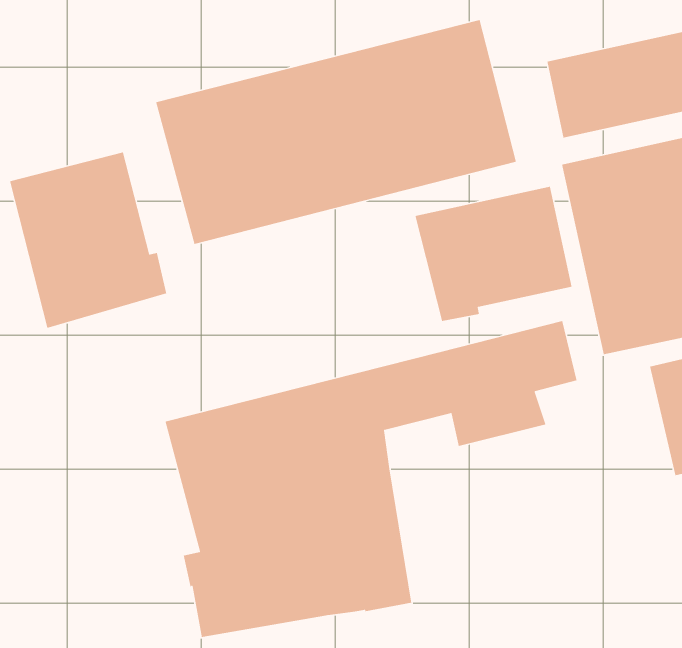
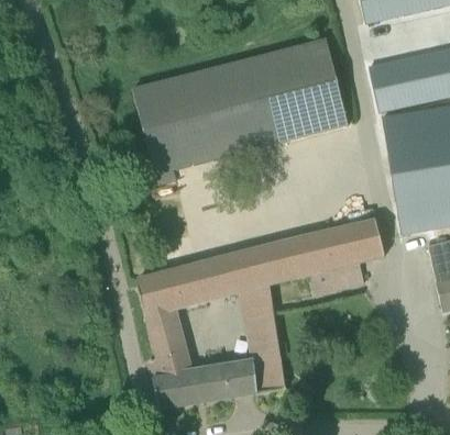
building: [9,152,167,329] -> none
building: [414,186,573,322] -> none

